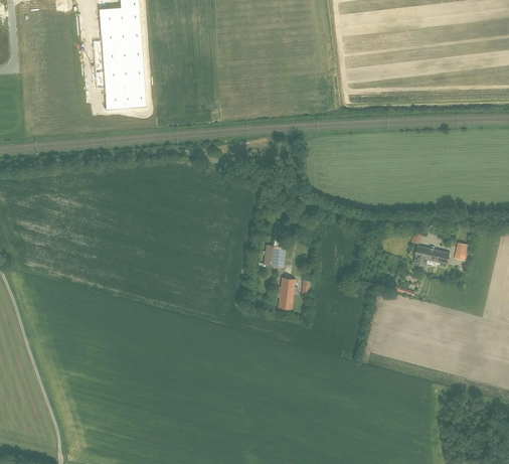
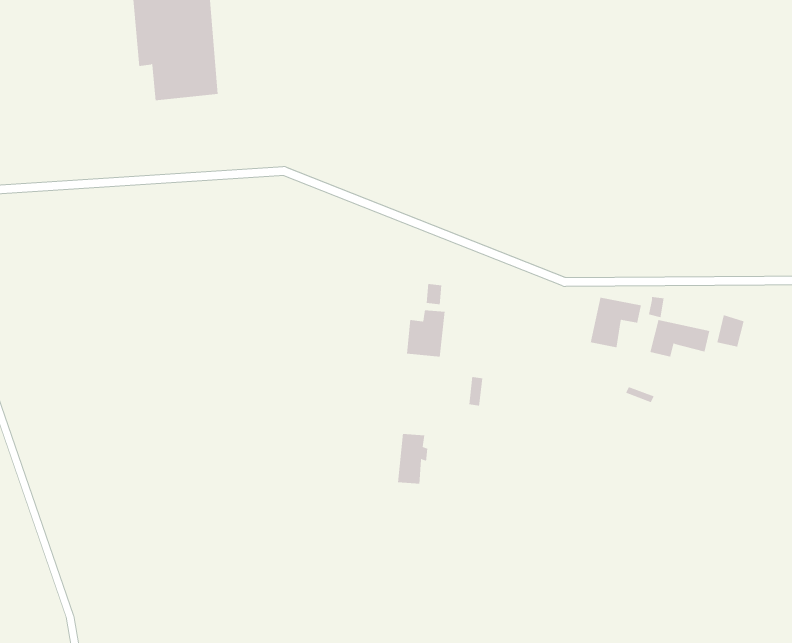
building: none -> [590,297,641,348]
building: [277,278,296,309] -> [397,434,428,484]

